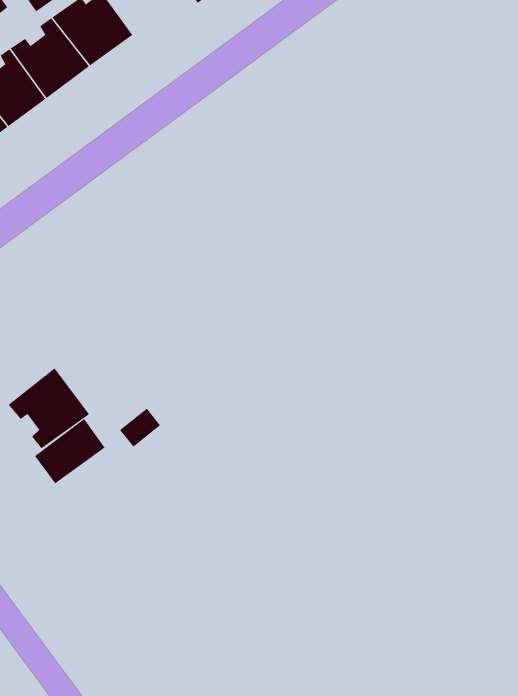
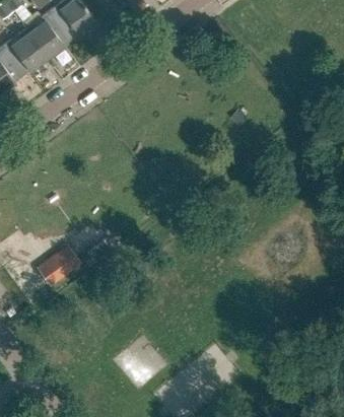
building: [8,368,90,449] -> none

